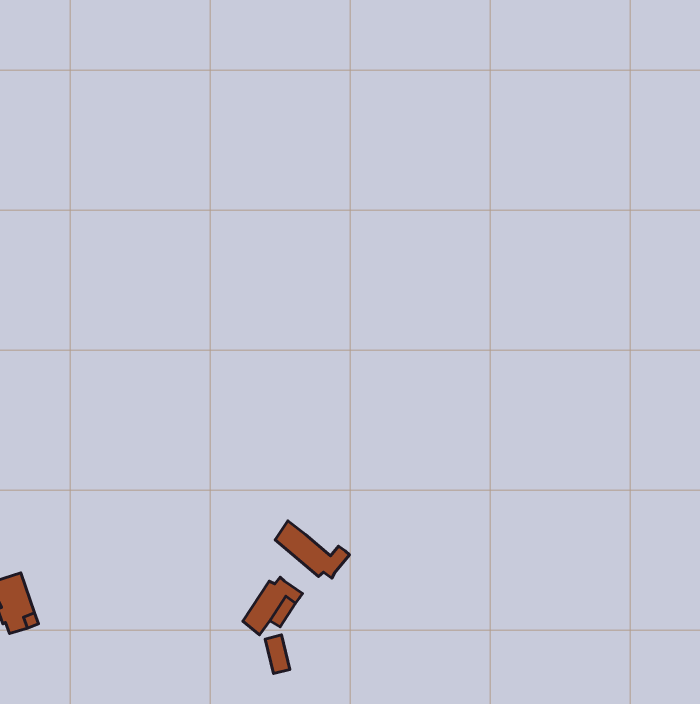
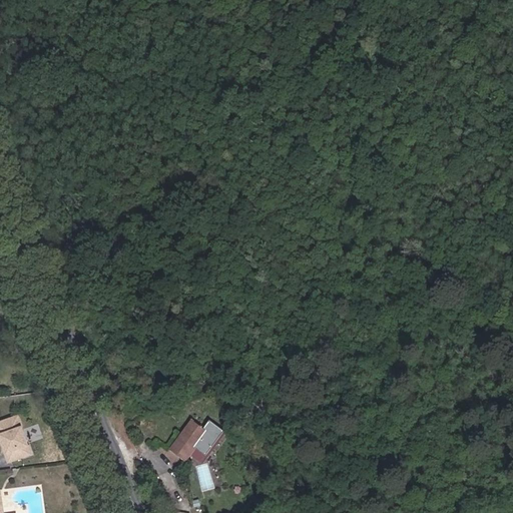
building: [275,521,350,578] -> none

